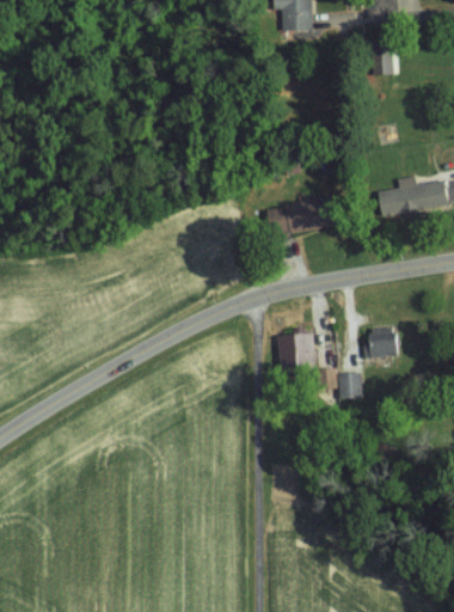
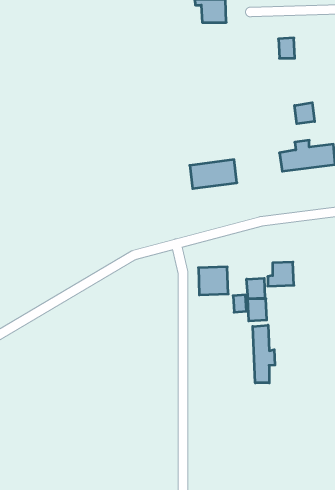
building: none -> [295,103,315,124]
building: none -> [247,278,265,299]
building: none -> [253,325,275,383]

